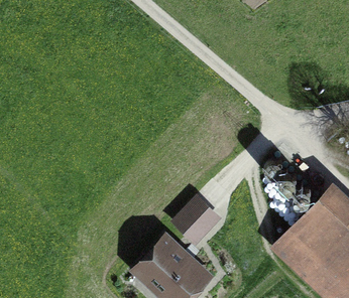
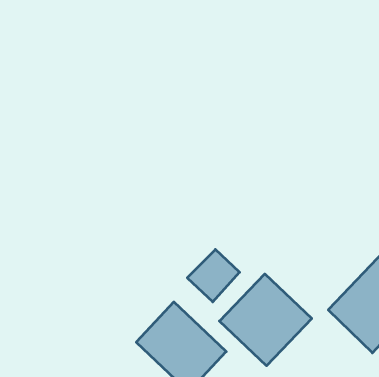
building: none -> [219,274,312,366]

